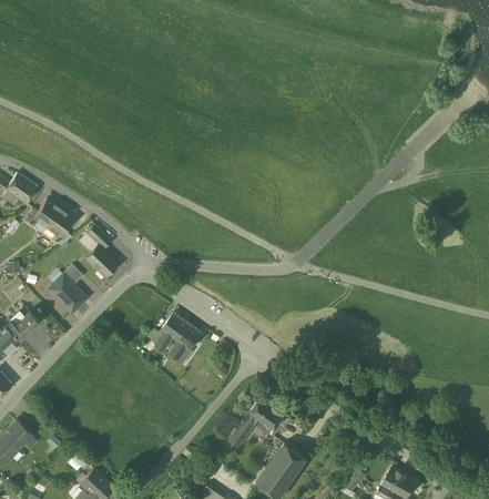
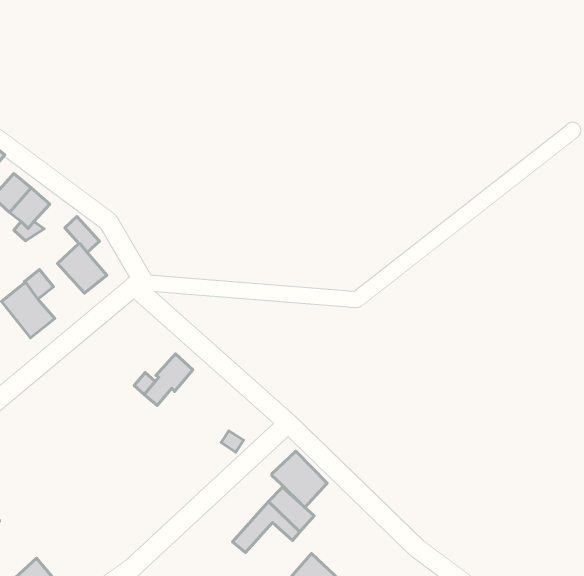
building: [170,323,202,360] -> none
building: none -> [272,451,327,507]

